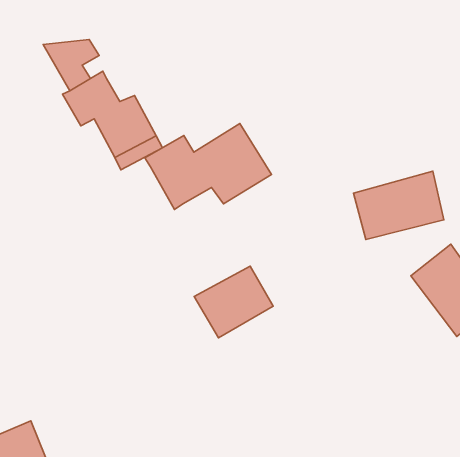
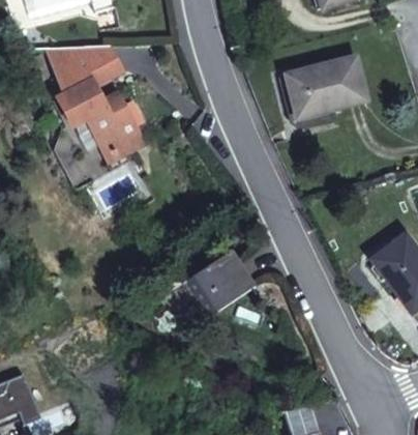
building: none -> [44,45,128,88]
building: [145,124,272,209] -> none
building: [354,171,444,239] -> [285,54,361,112]

